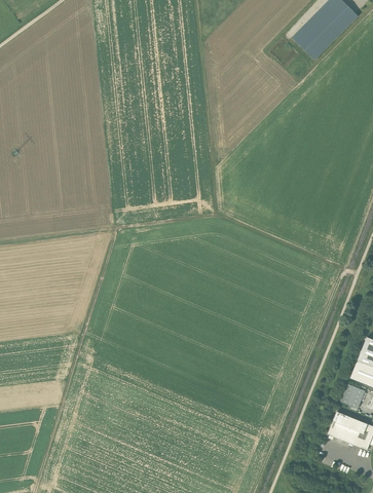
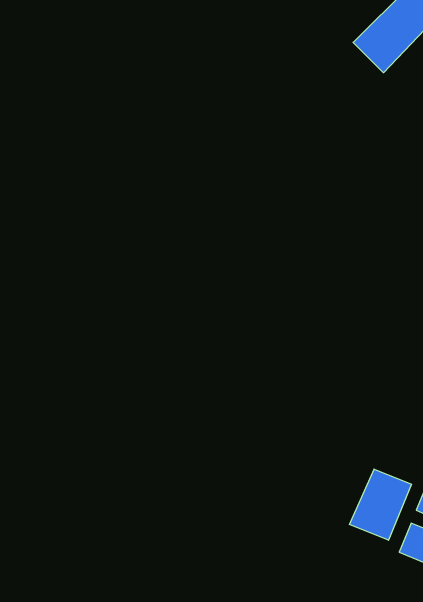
building: none -> [350,469,411,540]

